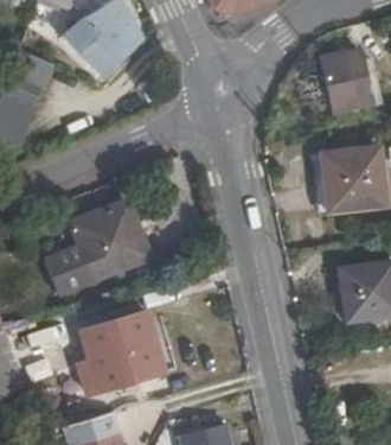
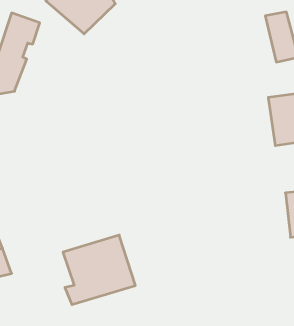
building: [44,203,146,293] -> none

